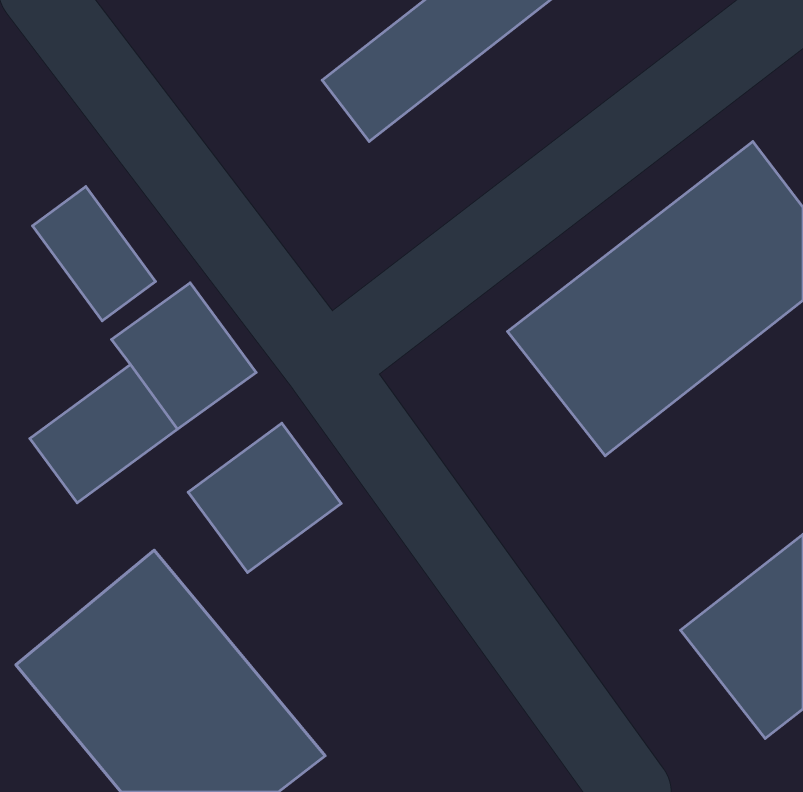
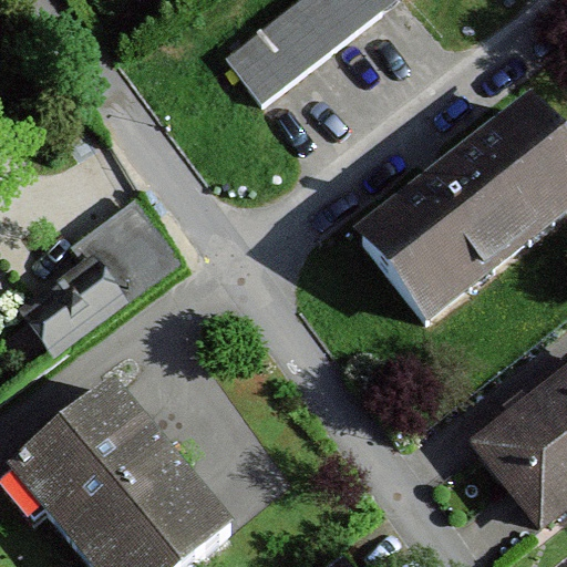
building: [32,186,156,321] -> none
building: [188,423,341,572] -> none

